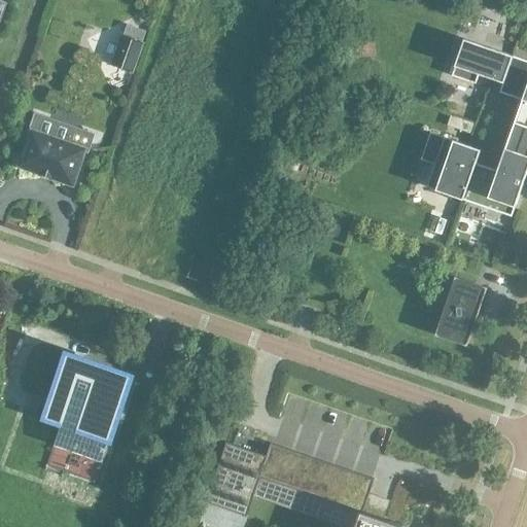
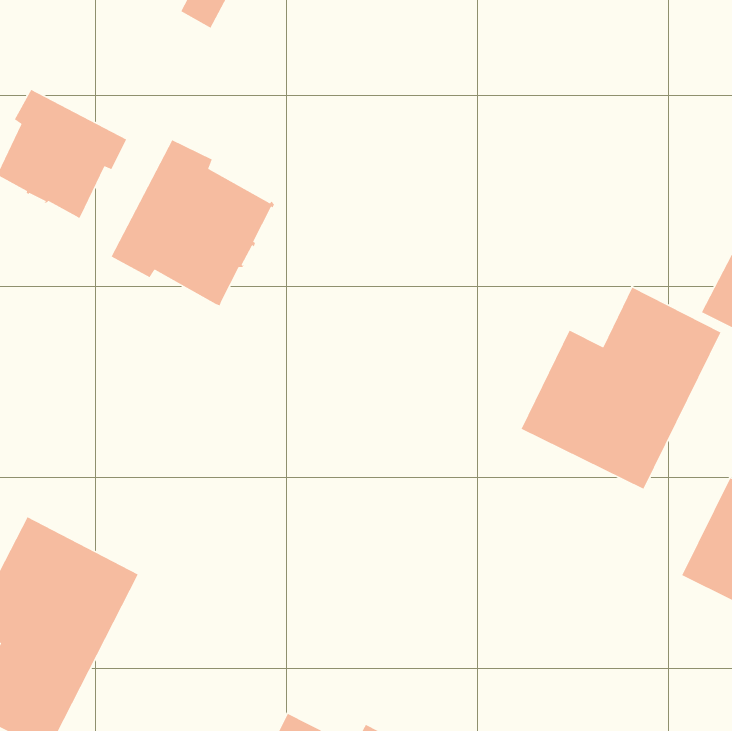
building: none -> [110,139,275,306]
building: none -> [520,286,722,490]

